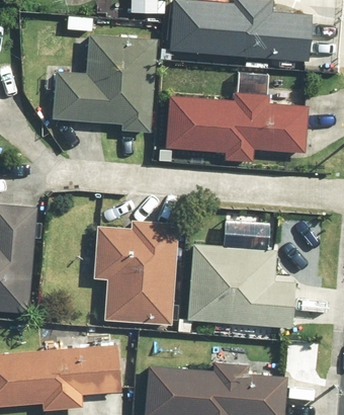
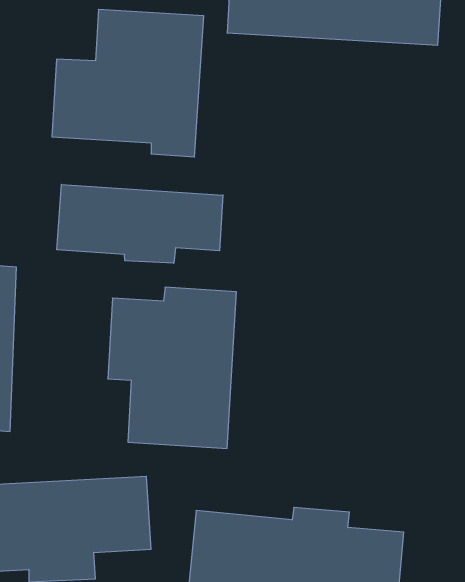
building: [166,91,308,165] -> none
building: none -> [57,184,223,263]
building: [178,243,292,332] -> none

